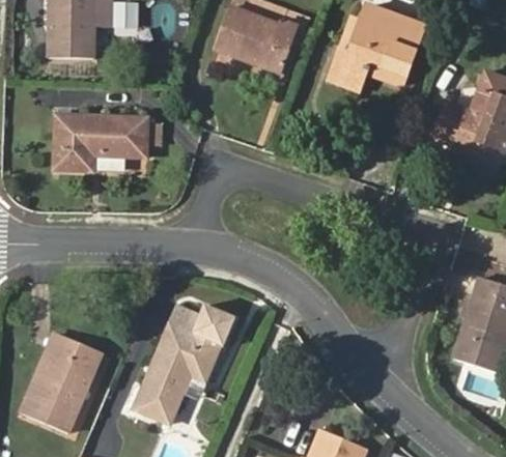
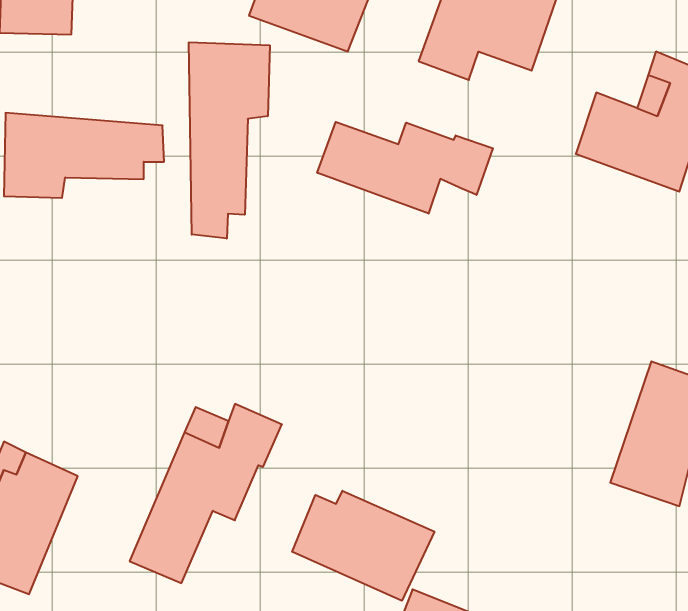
building: none -> [189,42,270,239]
building: none -> [317,122,493,214]
building: none -> [292,491,434,601]

